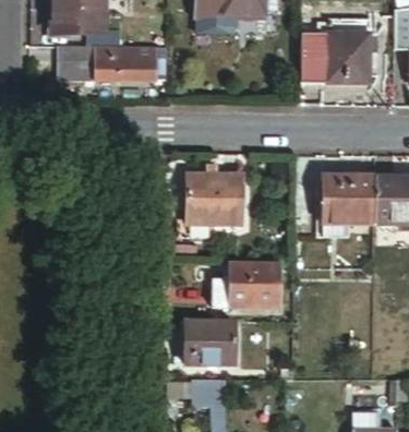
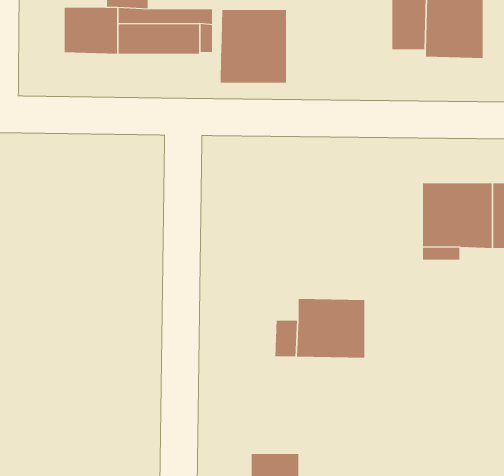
building: none -> [220,9,287,83]
building: [178,175,243,238] -> none
building: [188,321,237,367] -> none

